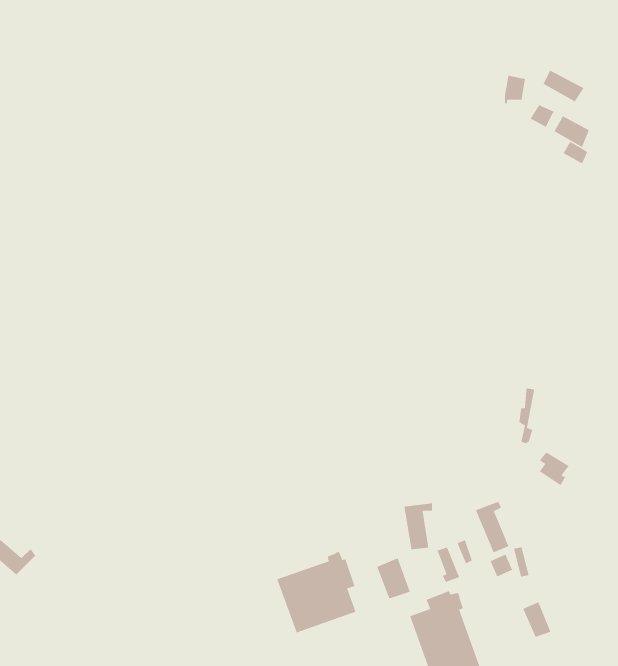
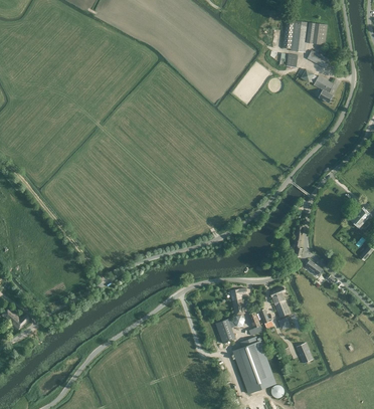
building: none -> [282,20,327,52]
building: [276,551,357,633] -> none

